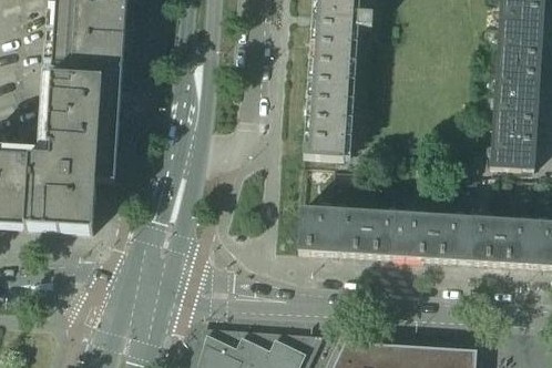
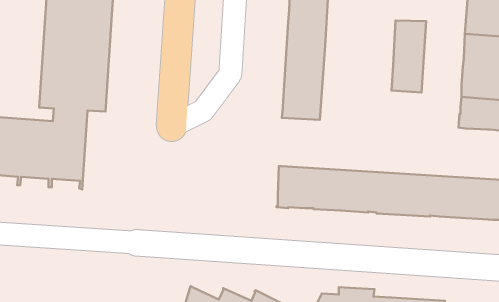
building: none -> [391,20,426,92]

